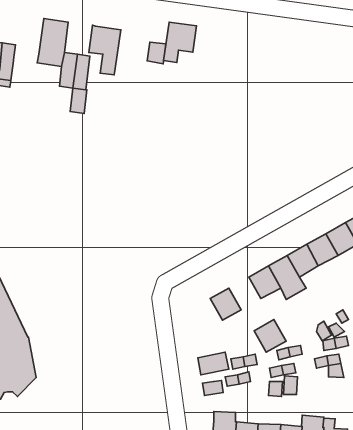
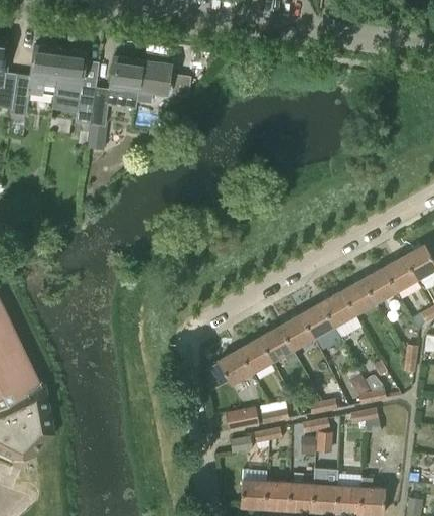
building: none -> [27,46,59,96]
building: [164,22,196,62] -> [136,61,171,105]
building: none -> [216,350,251,385]
building: [254,319,286,352] -> [258,327,292,362]

